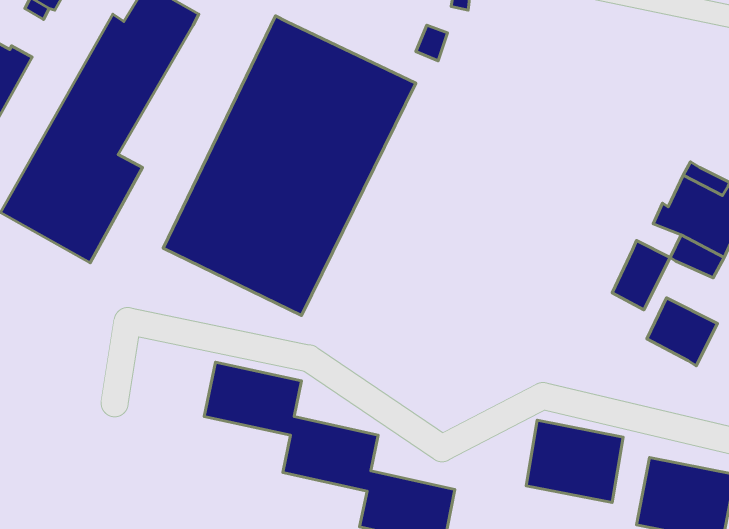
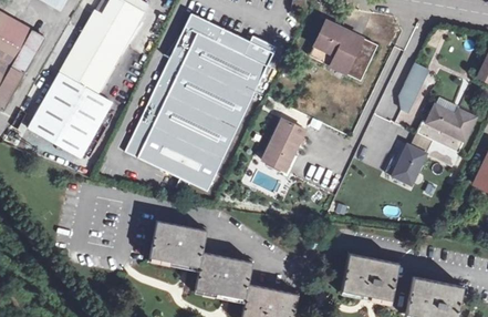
building: none -> [308,21,376,81]
building: none -> [397,65,427,114]
building: none -> [259,119,303,172]
building: [647,298,717,366] -> none

